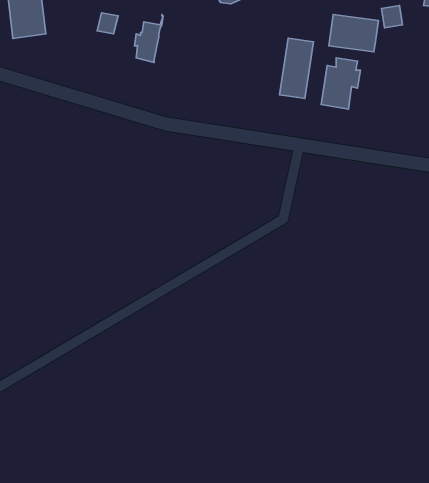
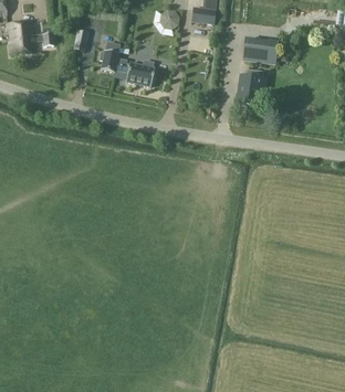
building: [279,38,314,98] -> none
building: none -> [114,57,154,85]

